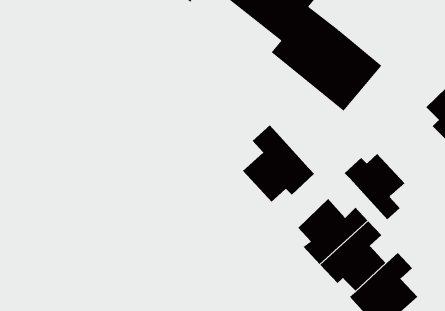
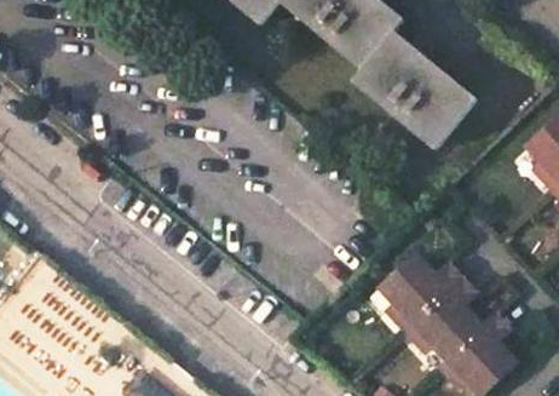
building: [242,125,315,203] -> none
building: [344,153,405,220] -> none

